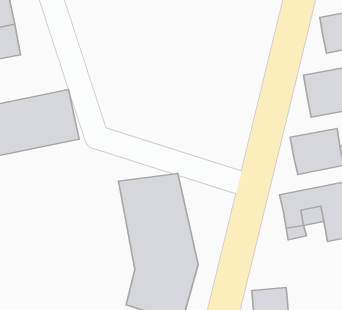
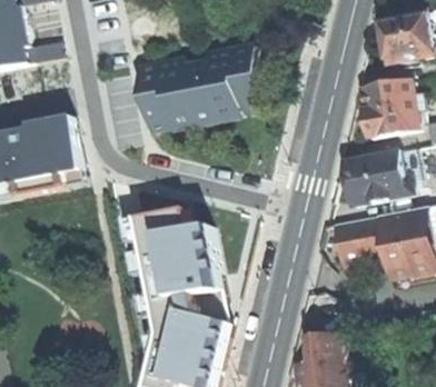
building: none -> [136,49,264,133]

